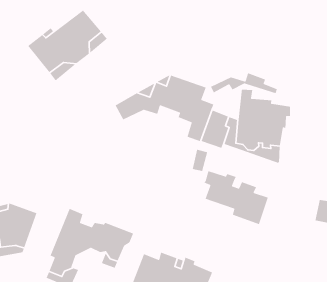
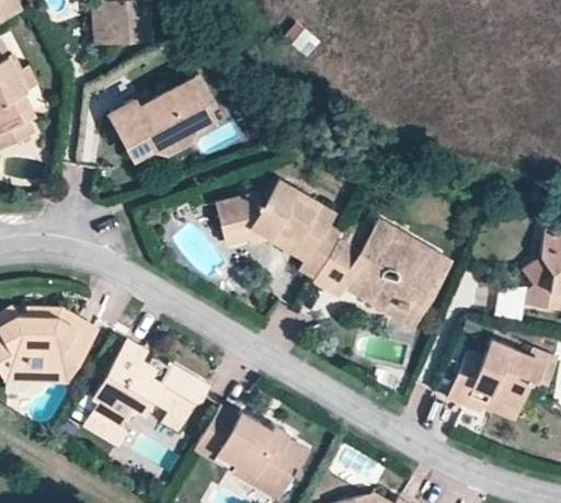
building: [210,72,278,94] -> [218,221,307,256]
building: [203,170,269,225] -> none

